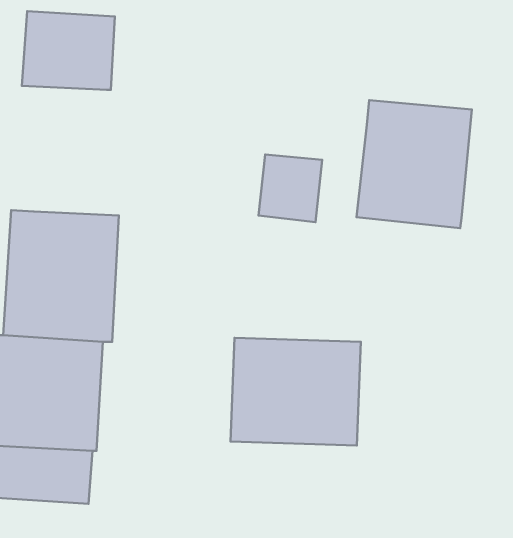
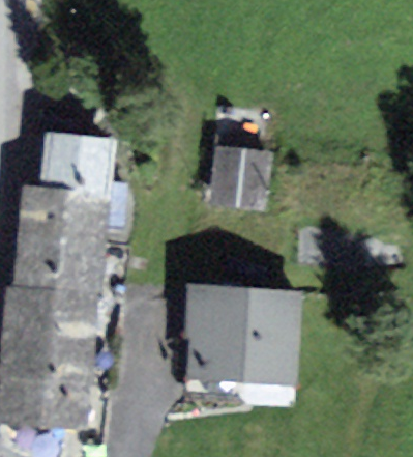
building: [22,11,115,90] -> [38,132,111,193]
building: [357,100,472,228] -> none

